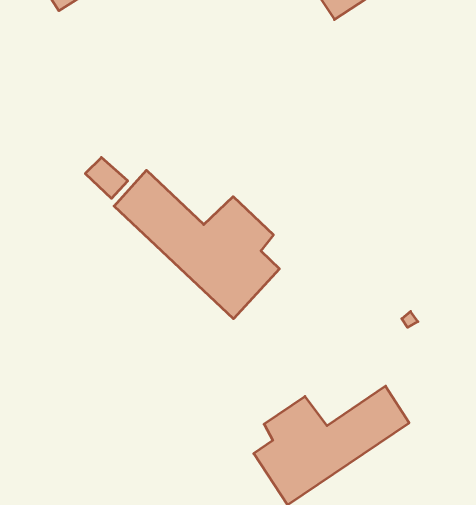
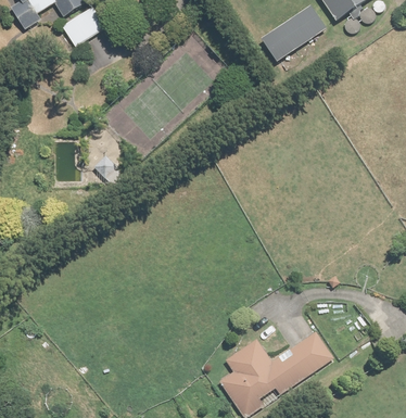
building: [114,170,279,319] -> none

